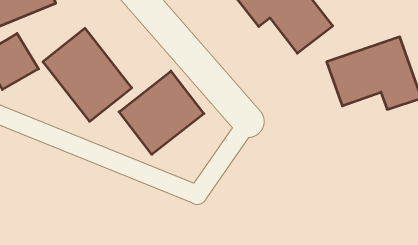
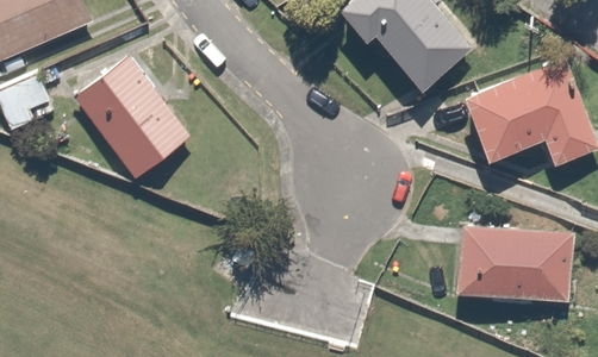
building: [119,71,204,154] -> none
building: none -> [460,227,574,300]

